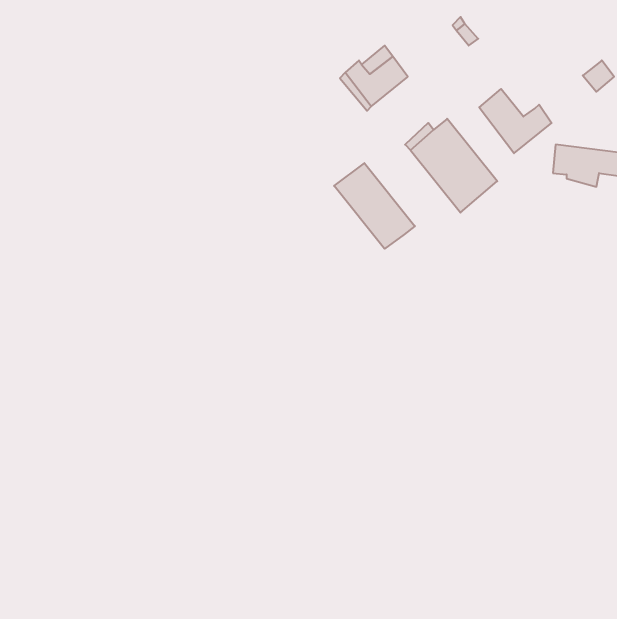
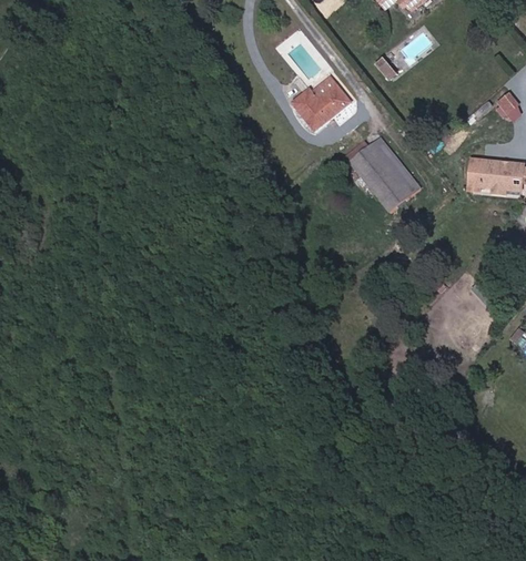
building: [479,89,552,153] -> none
building: [334,163,415,249] -> none

